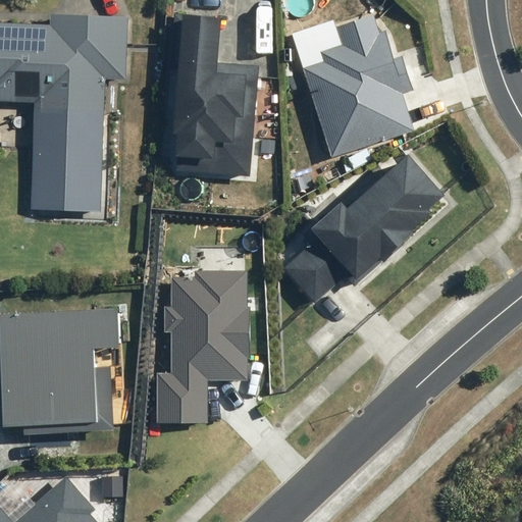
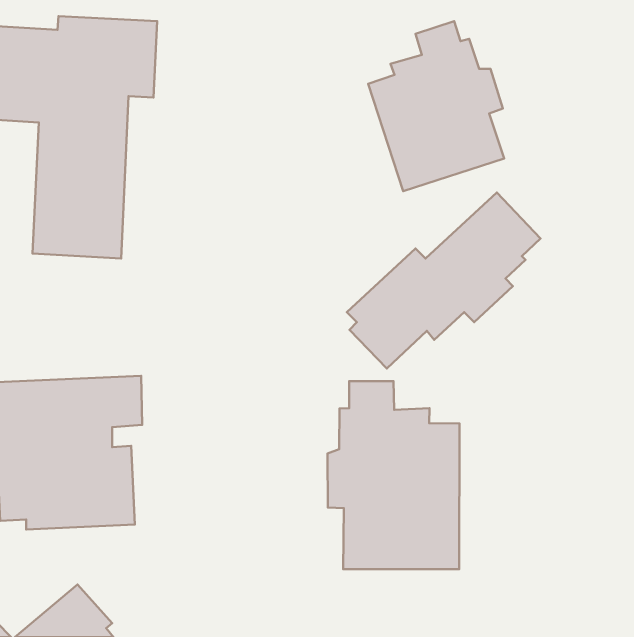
building: [159,9,259,180] -> none
building: [157,271,252,422] -> none
building: none -> [327,381,459,569]

